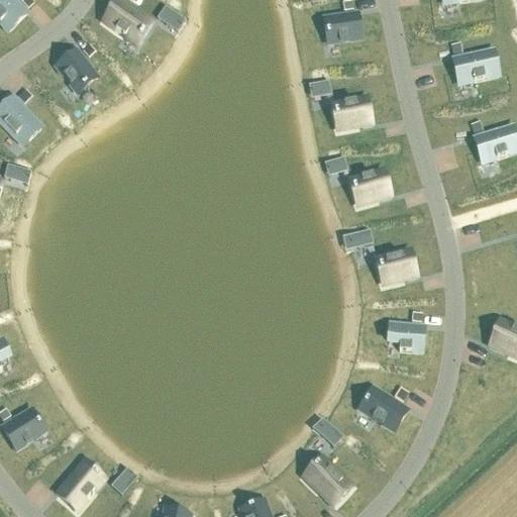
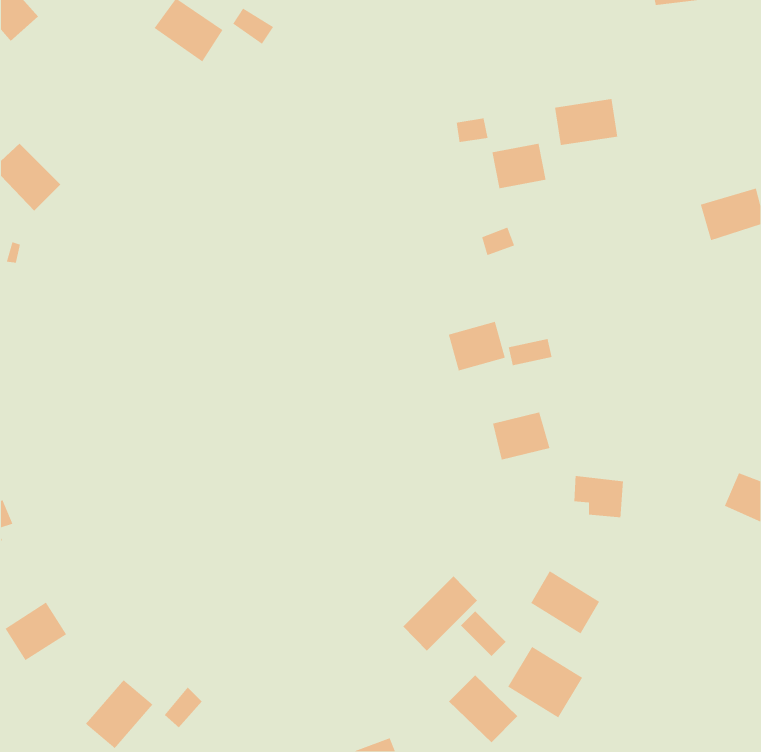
building: [324,12,361,42] -> none
building: [57,50,97,93] -> none
building: [453,50,497,83] -> [554,98,618,146]
building: [350,170,390,204] -> [448,321,506,372]
building: [377,249,416,283] -> [492,411,550,461]
building: none -> [403,575,478,651]
building: none -> [507,646,583,719]

